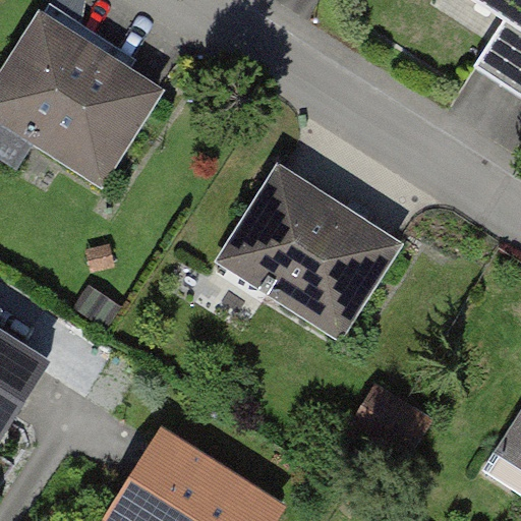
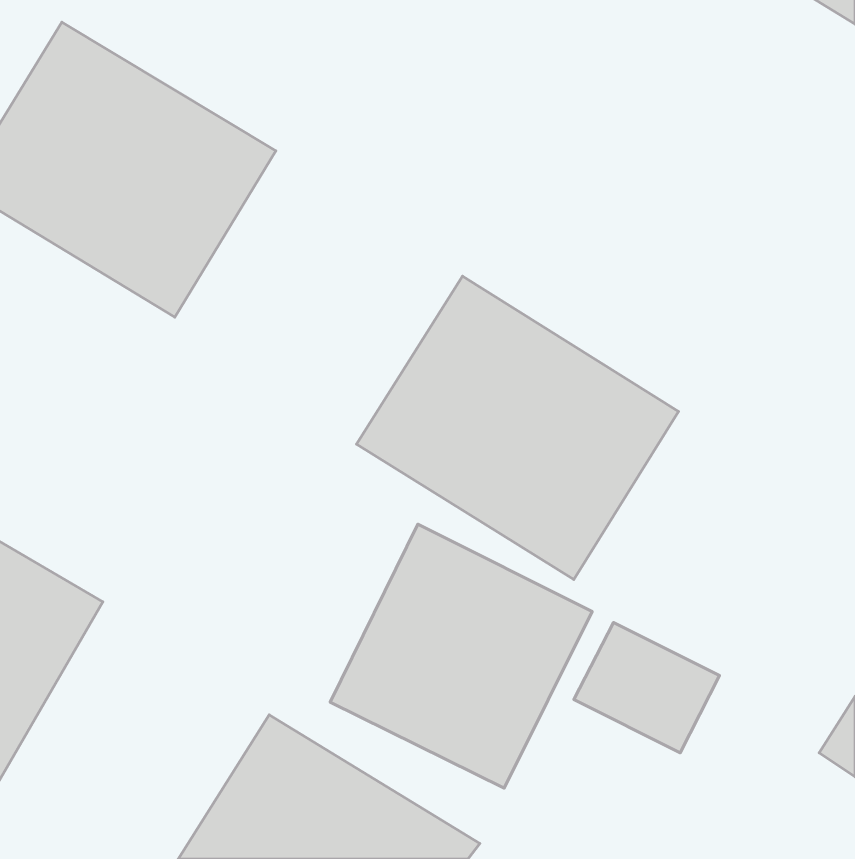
building: none -> [330,524,592,788]

